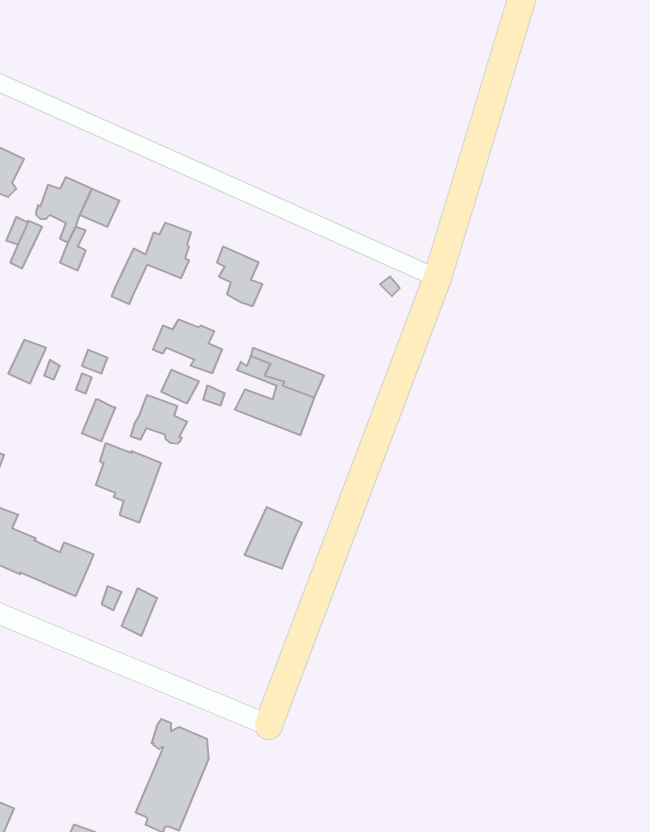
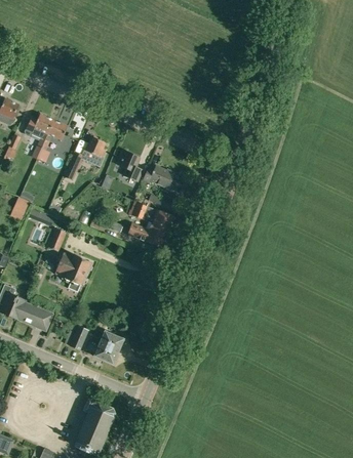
building: [153,320,222,373] -> [143,166,179,194]
building: [131,395,187,444] -> none
building: [244,507,302,569] -> [93,331,123,363]

